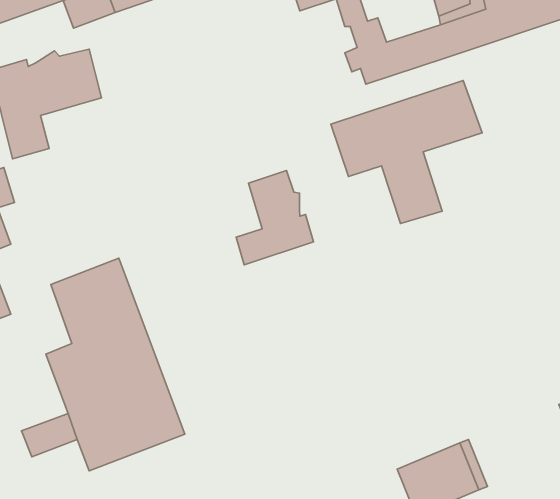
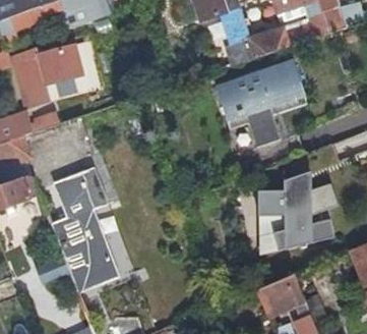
building: [236,171,313,265] -> none
building: none -> [258,171,338,250]

